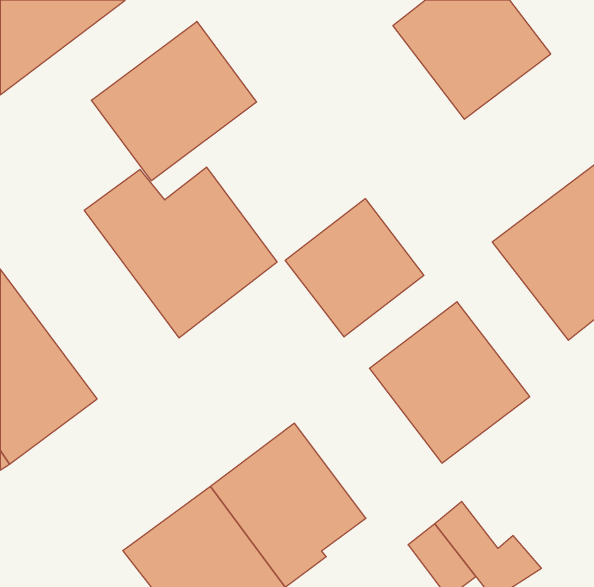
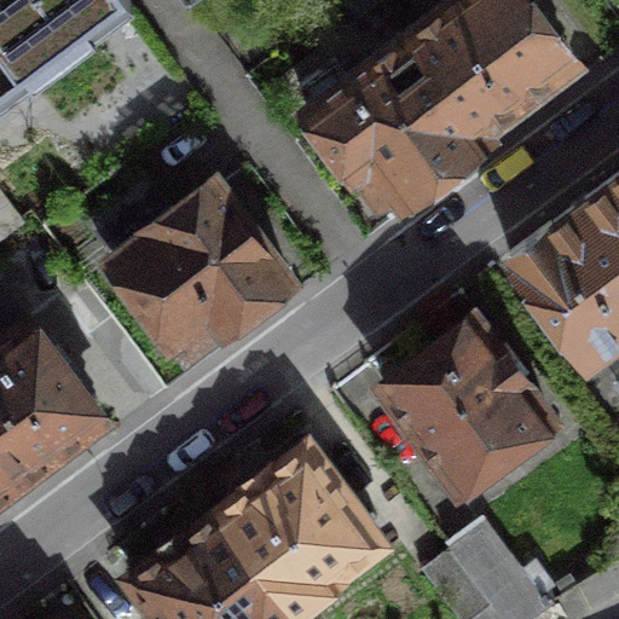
building: [91,21,257,181] -> none
building: none -> [310,37,484,208]
building: [285,199,424,337] -> none

